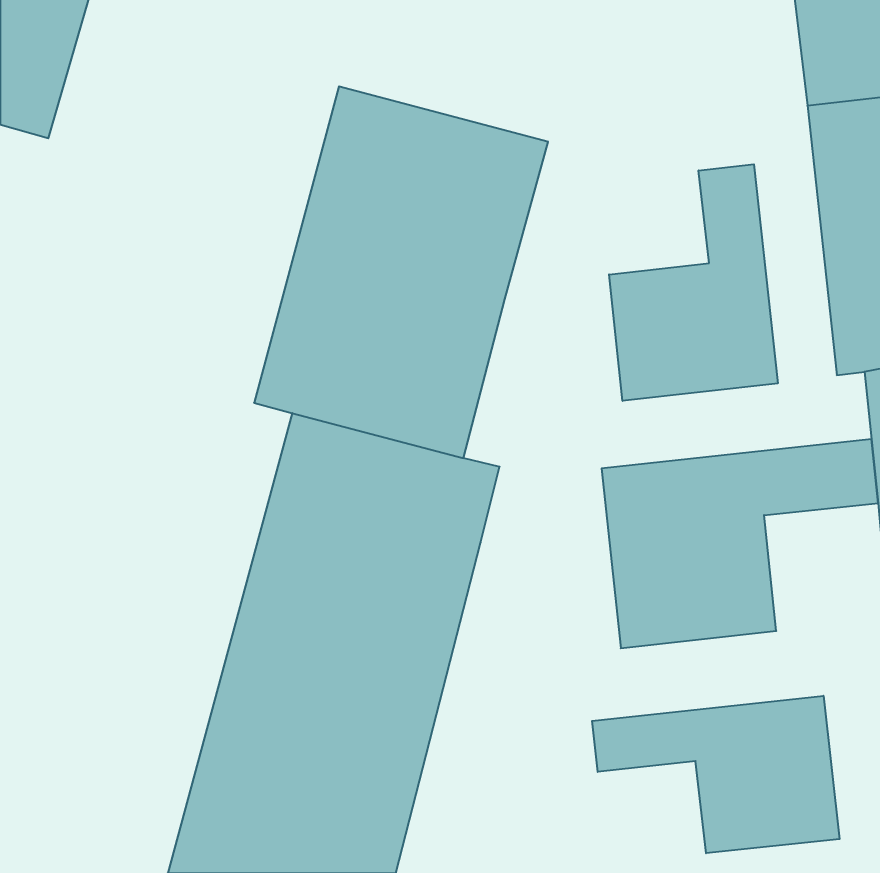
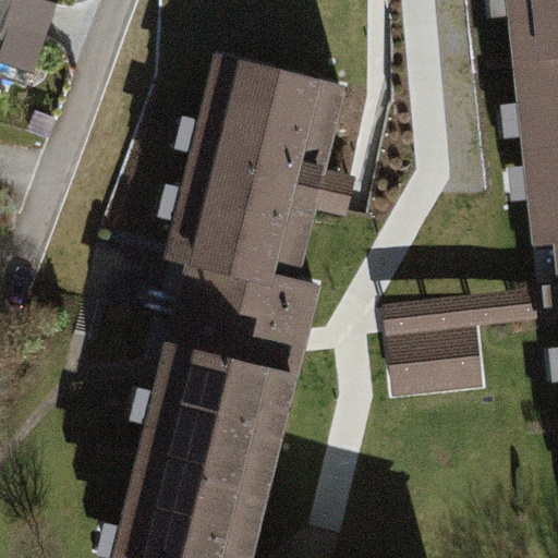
building: [609,164,778,401] -> none
building: [592,696,840,853] -> none

